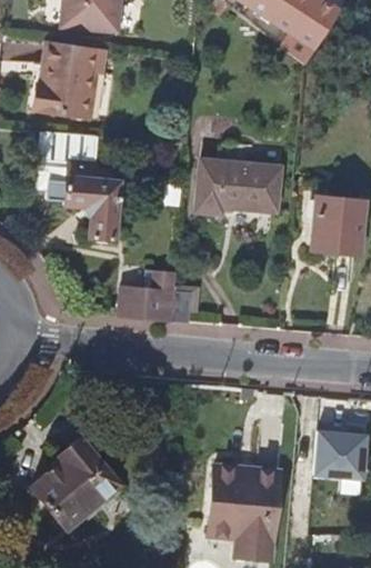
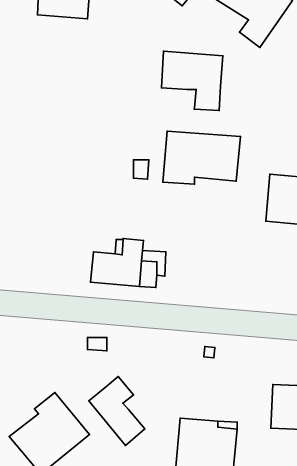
building: [38,40,103,113] -> none
building: none -> [161,51,223,111]
building: [37,132,117,243] -> none
building: none -> [89,377,145,445]

